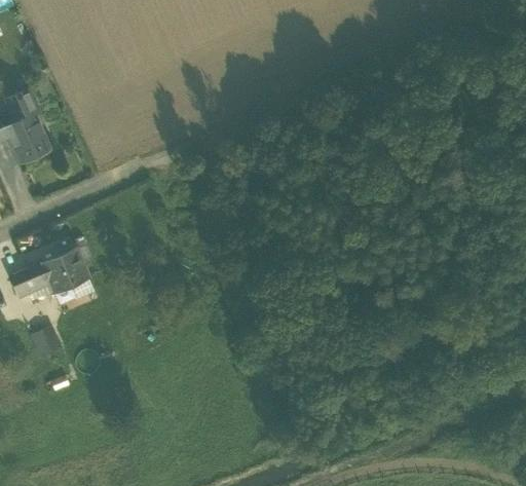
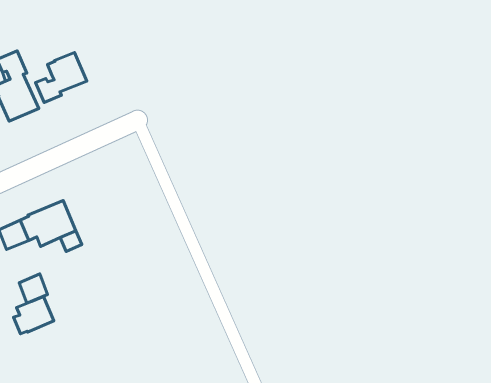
building: none -> [36,52,87,102]
building: none -> [14,297,54,334]

